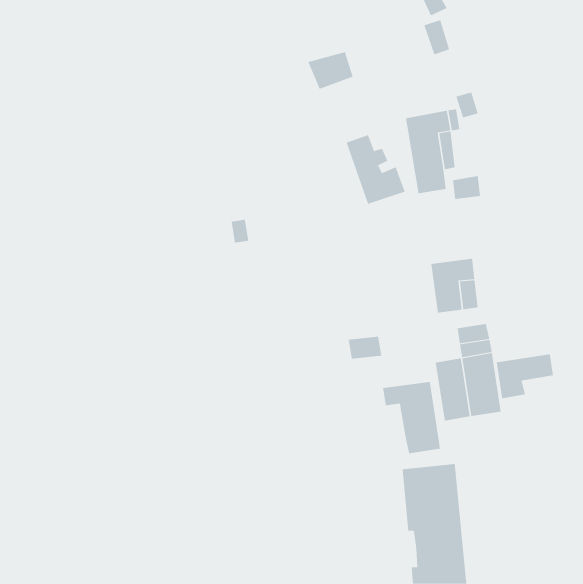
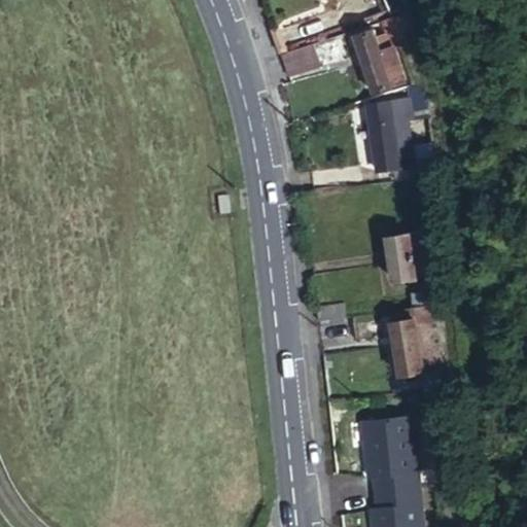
building: [346,134,405,204] -> [351,31,405,94]
building: [496,354,554,399] -> none
building: [383,381,441,454] -> none

